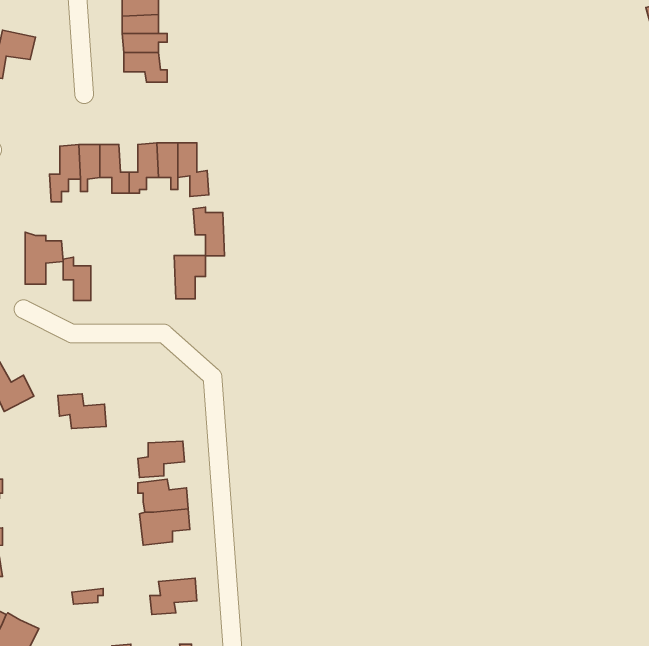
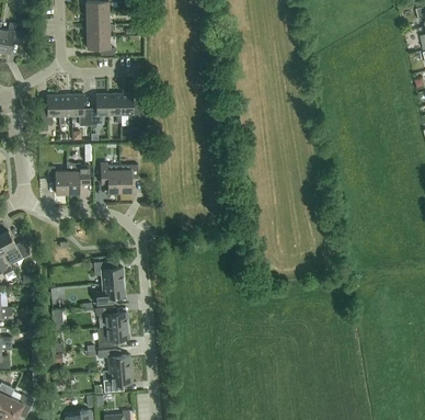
building: [193,207,225,256] -> [100,161,119,192]
building: [25,232,63,284] -> [66,160,90,193]
building: [58,394,106,428] -> [93,261,124,283]
building: none -> [97,349,131,371]

